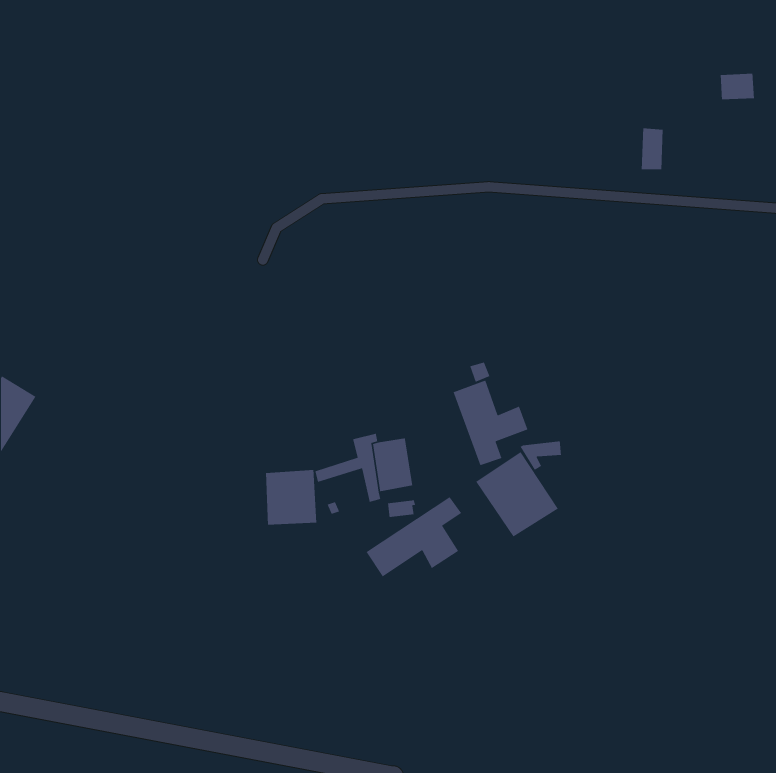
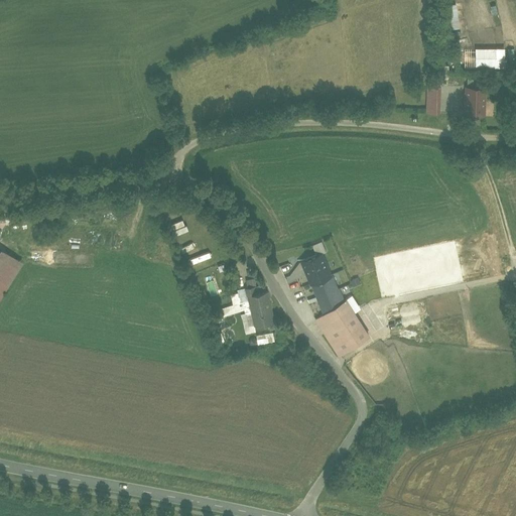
building: none -> [462,88,483,118]
building: [265,469,317,526] -> none
building: [365,496,462,578] -> none

